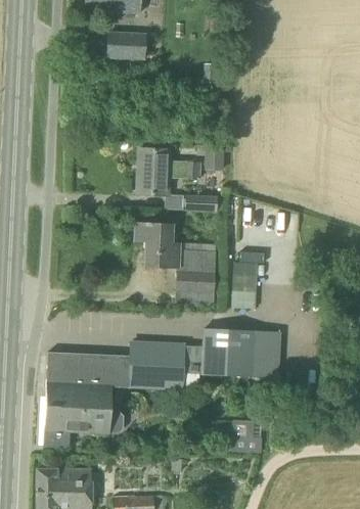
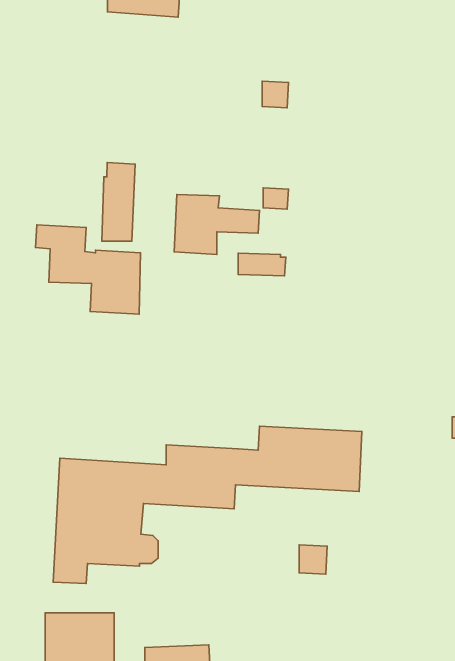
building: [106,32,144,59] -> none
building: none -> [102,162,135,241]
building: [134,223,215,291] -> [35,225,141,314]
building: [231,262,258,308] -> none

